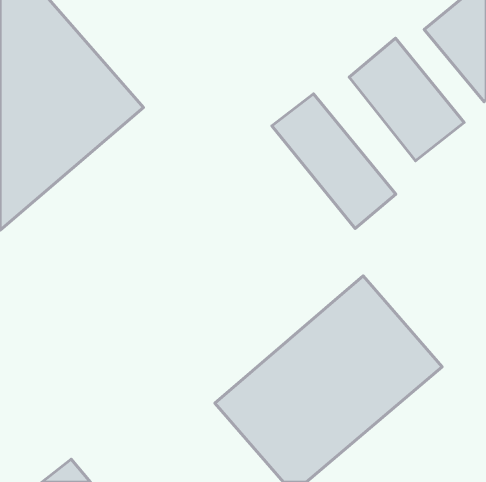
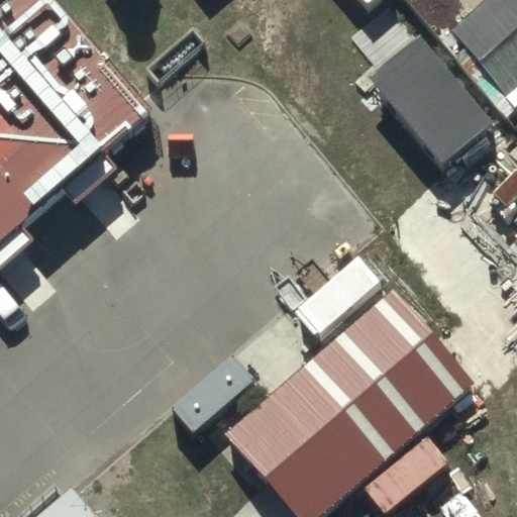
building: [272,94,396,229] -> none

